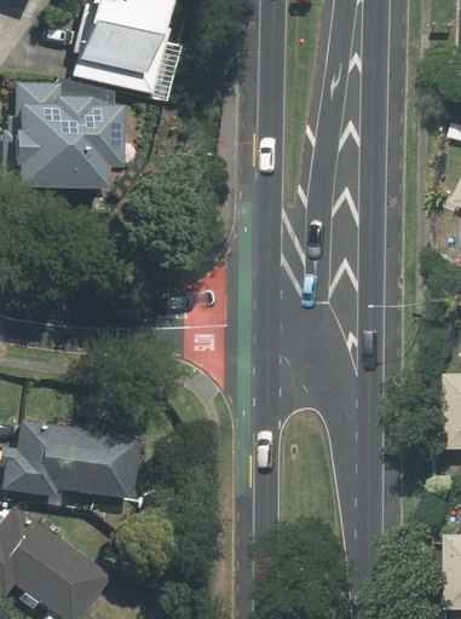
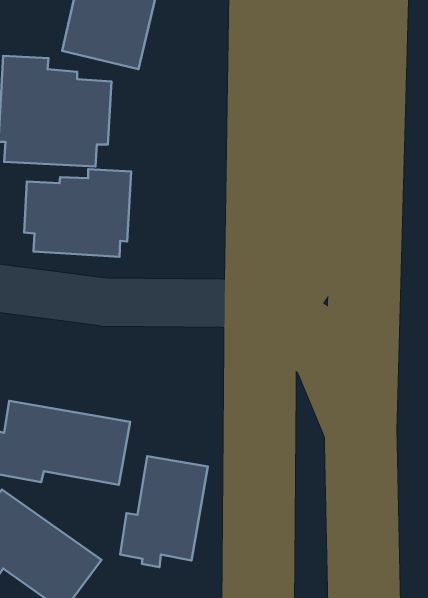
building: none -> [24,169,131,257]
building: none -> [120,456,208,567]

